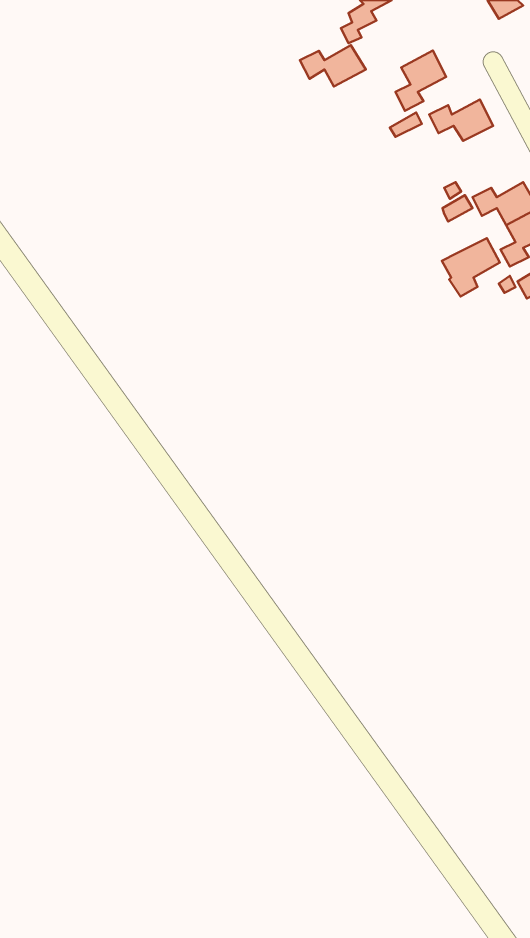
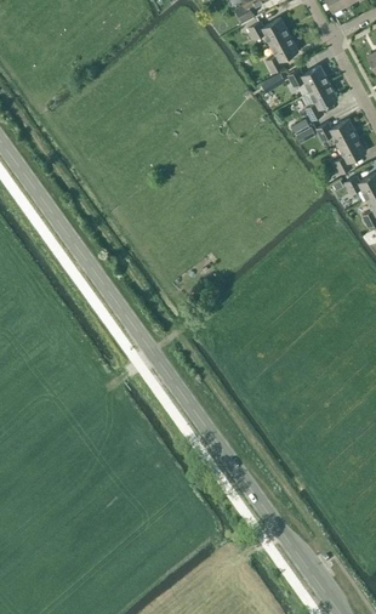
building: [300,45,366,86] -> [247,18,290,45]
building: [442,238,500,296] -> [300,83,337,120]

